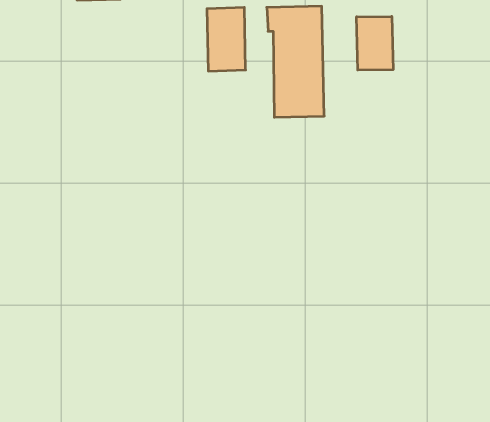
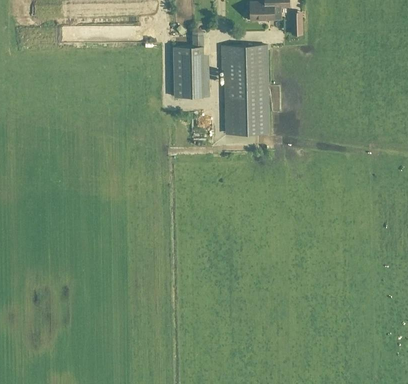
building: [357,16,393,70] -> none

